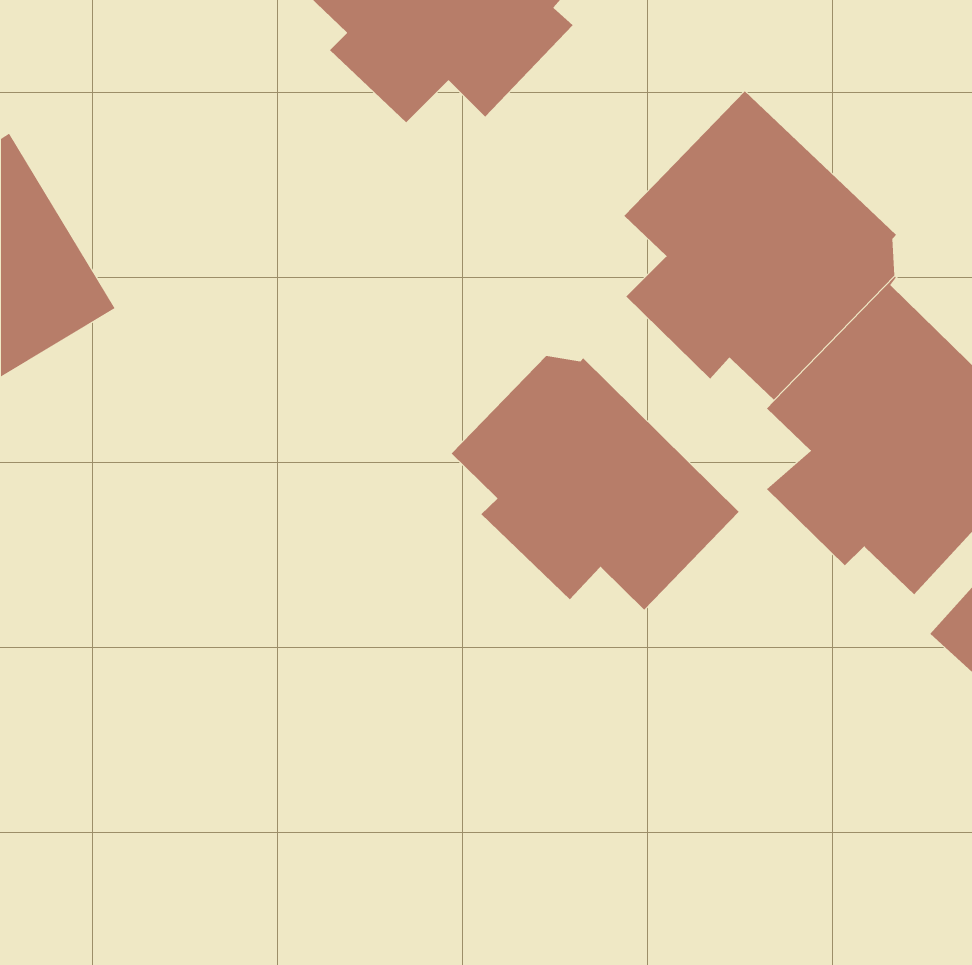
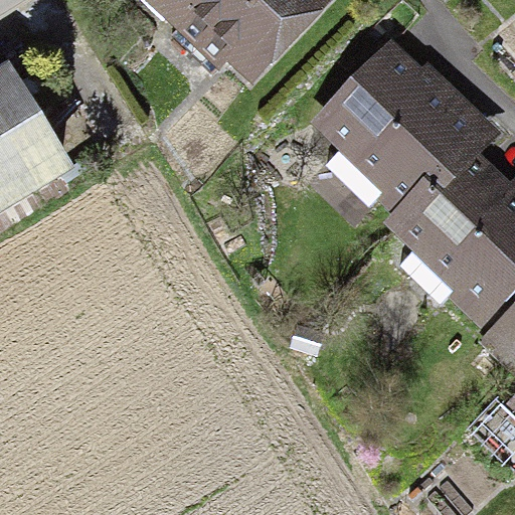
building: [451,355,740,610] -> none

